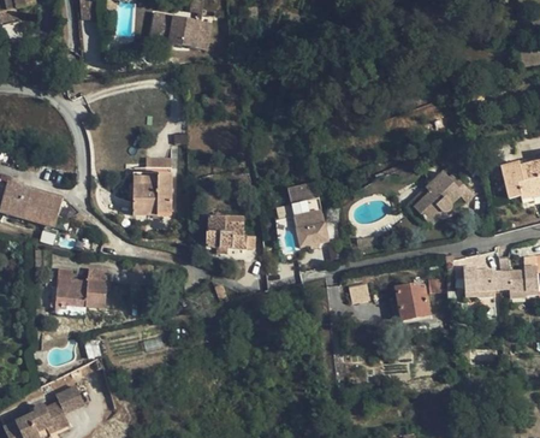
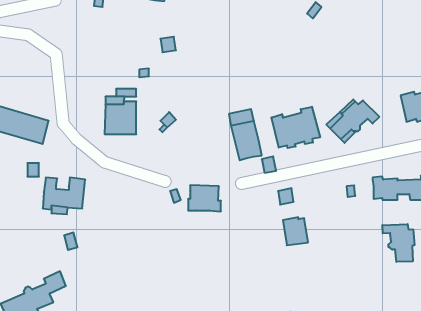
building: none -> [271,107,320,148]
building: [204,215,245,248] -> [188,185,221,211]
building: [397,283,428,318] -> [283,217,308,245]
building: none -> [382,224,414,262]

